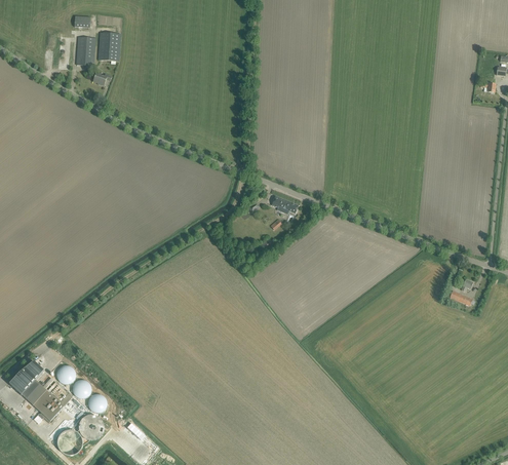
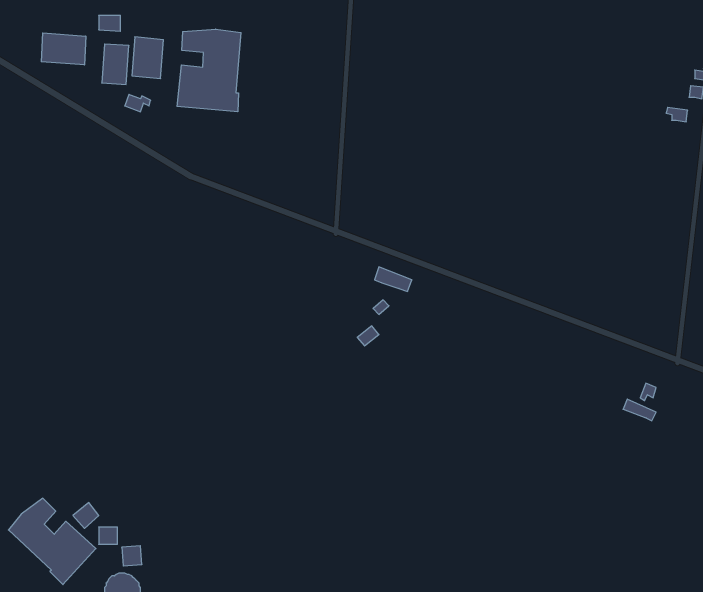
building: none -> [177,29,241,112]
building: none -> [41,33,86,65]

